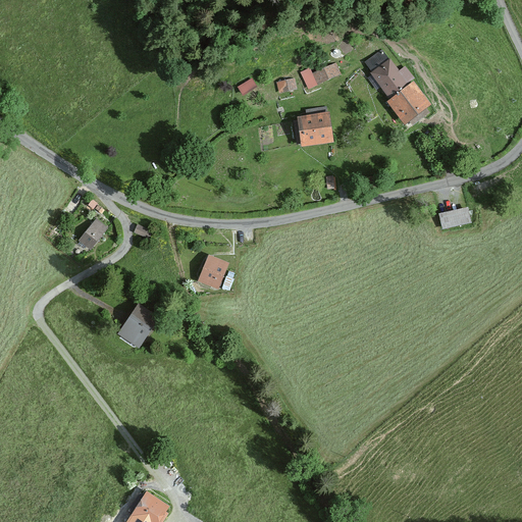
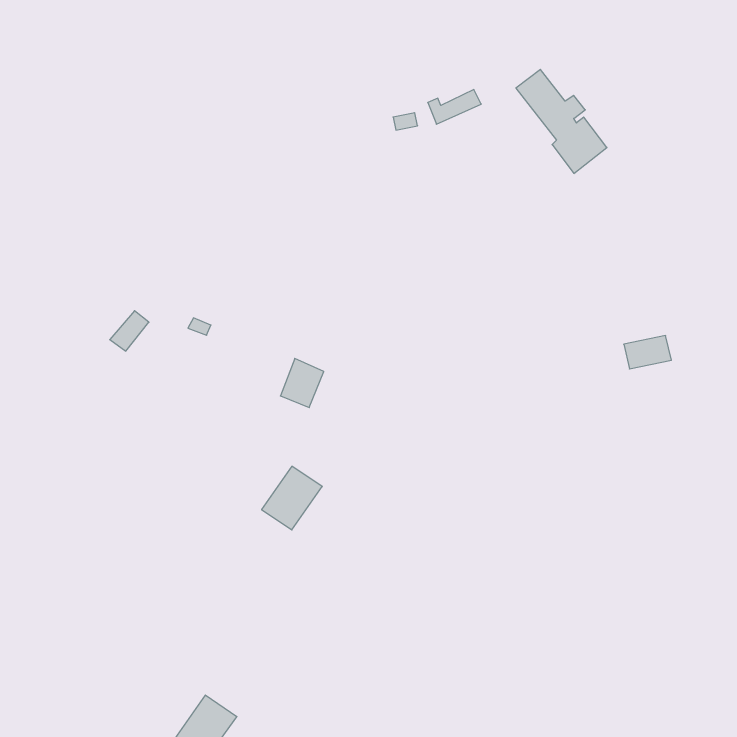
building: [299,114,330,145] -> none
building: [437,206,471,229] -> [624,336,671,369]
building: [116,303,159,348] -> [262,466,322,530]

